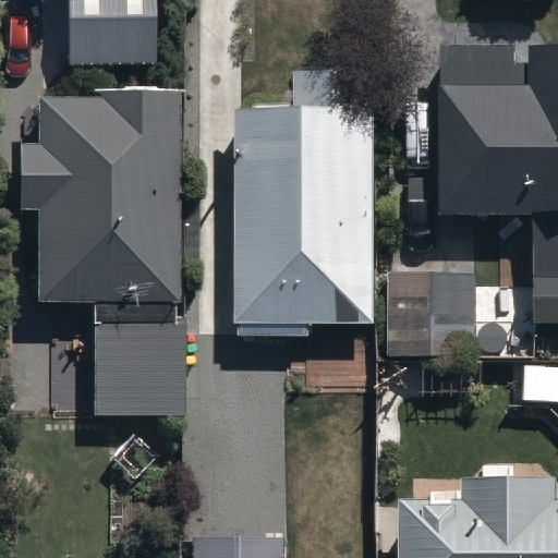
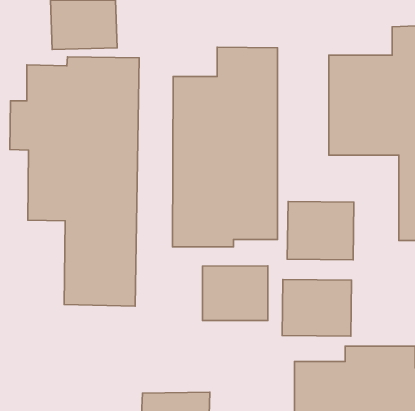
building: none -> [202,266,268,320]
building: none -> [282,279,351,336]

